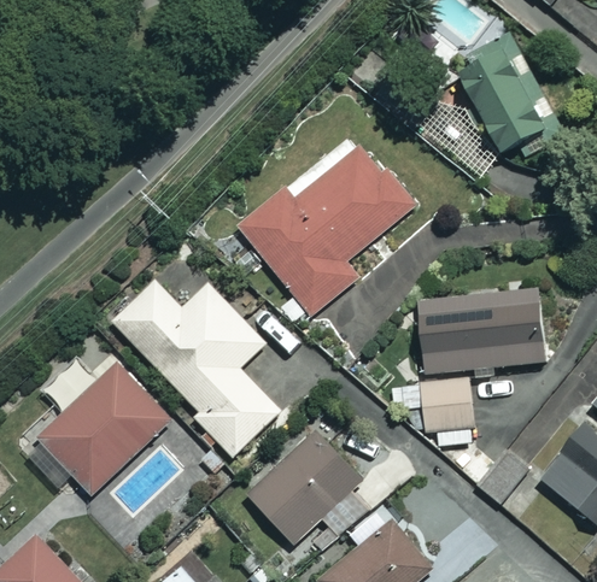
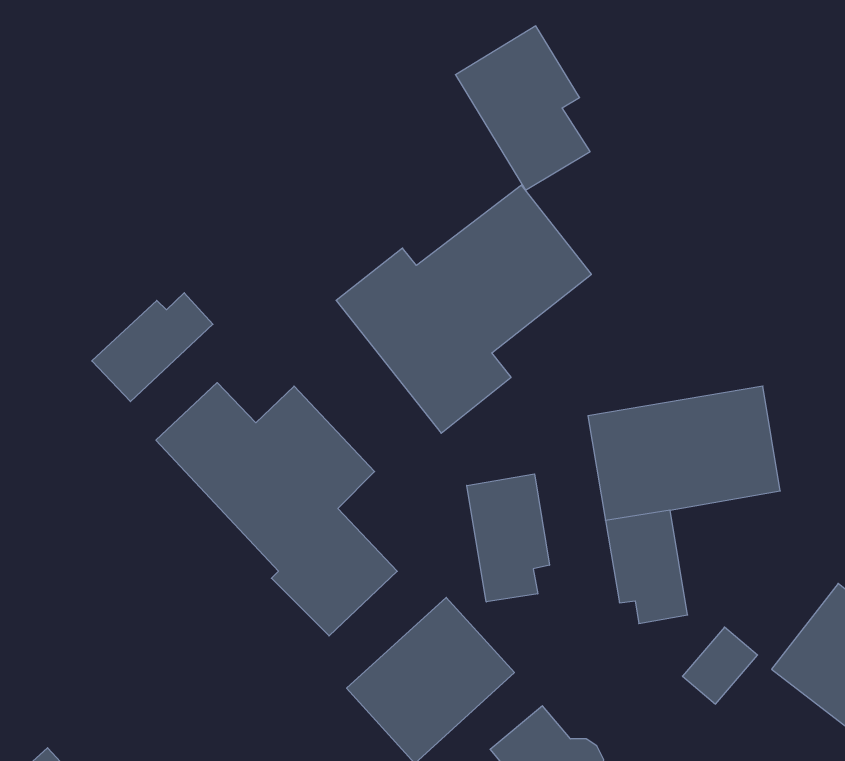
building: [453,37,546,151] -> [455,26,590,190]
building: none -> [92,293,213,402]
building: none -> [467,474,549,602]
building: [37,364,170,495] -> none

